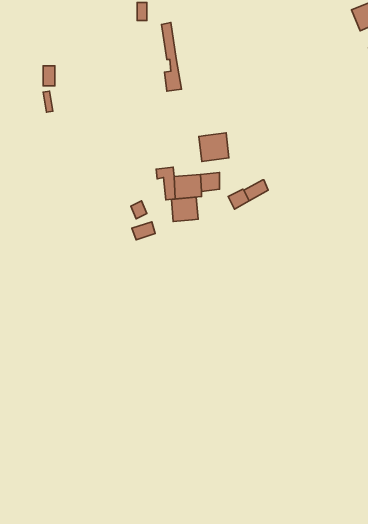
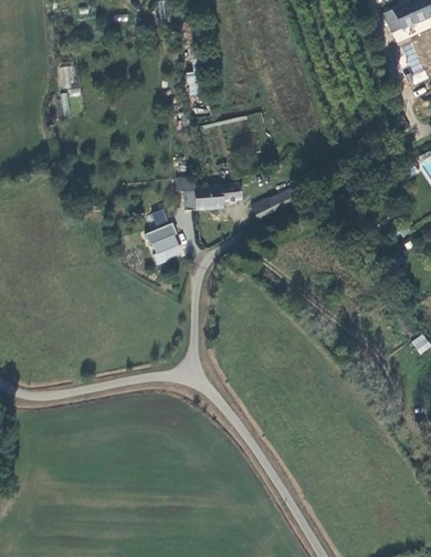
building: [199,133,229,162] -> none
building: [171,197,198,222] -> none

